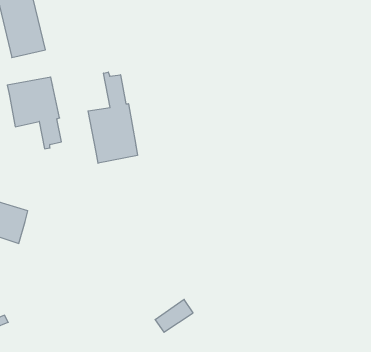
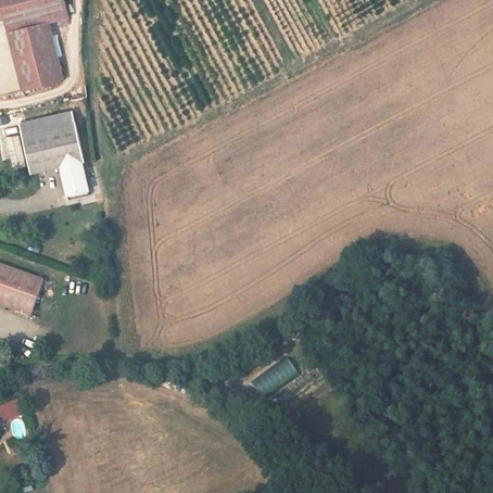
building: [88,72,137,163] -> none
building: [155,299,193,332] -> [249,361,295,401]

